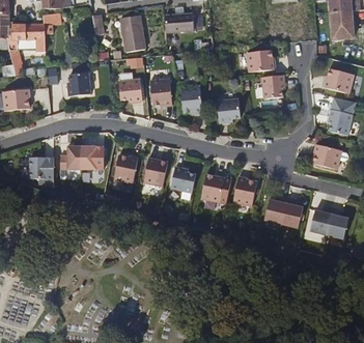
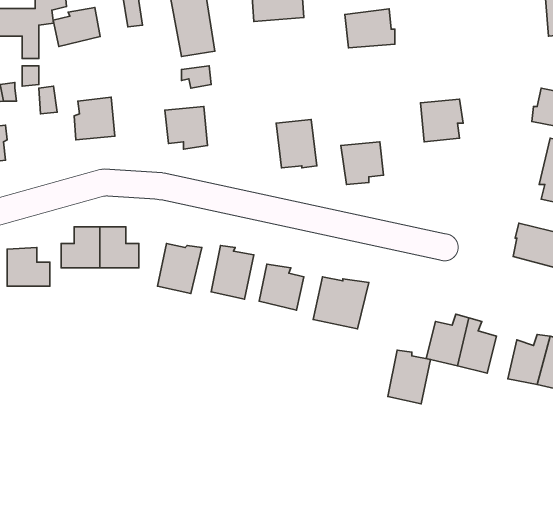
building: none -> [53,7,100,46]
building: [246,50,274,72] -> [345,9,395,48]
building: [149,79,171,106] -> none
building: [232,176,256,206] -> [388,350,431,404]

